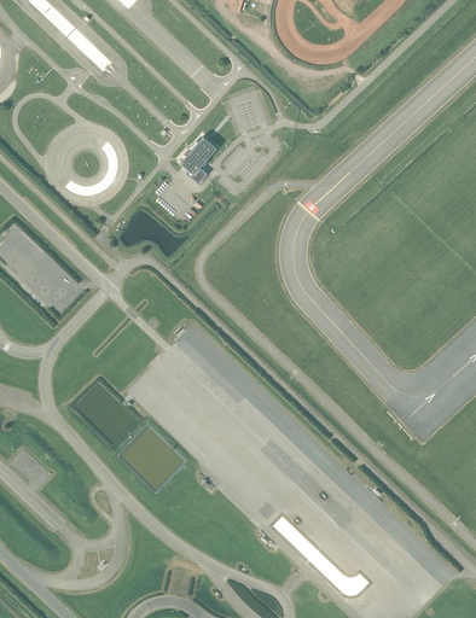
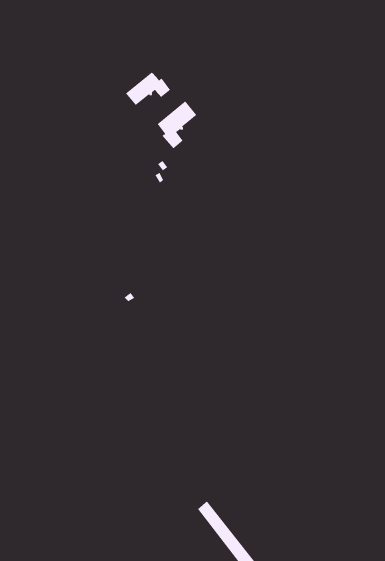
building: none -> [125,71,171,106]

